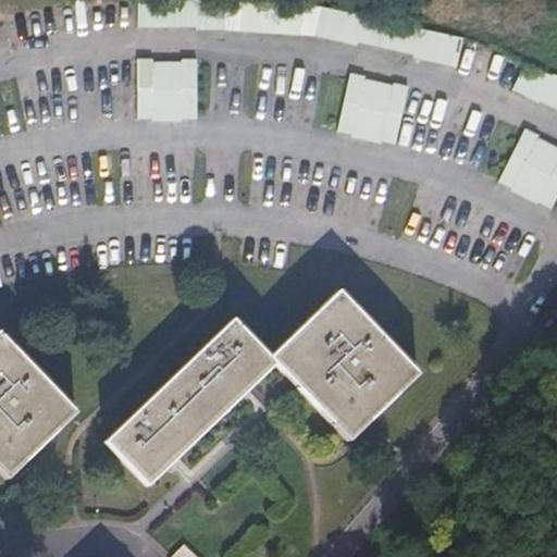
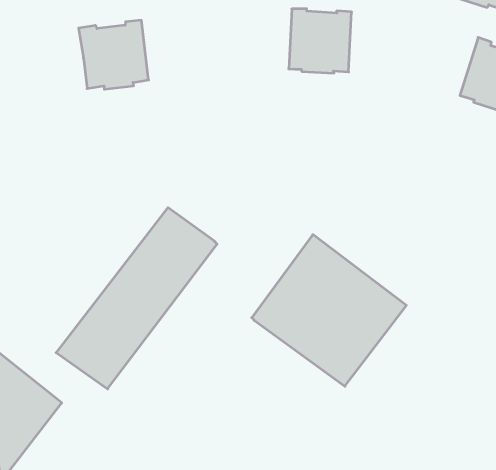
building: [102,321,272,484] -> [56,208,217,389]

